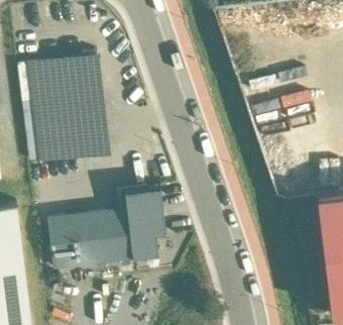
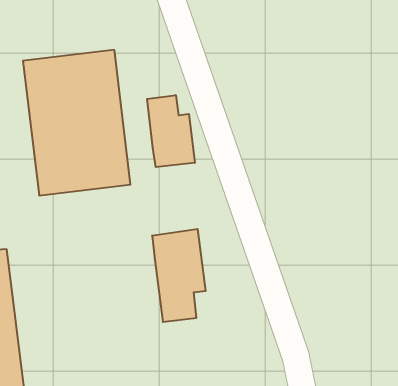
building: none -> [147,95,195,167]
building: [48,215,132,272] -> none

